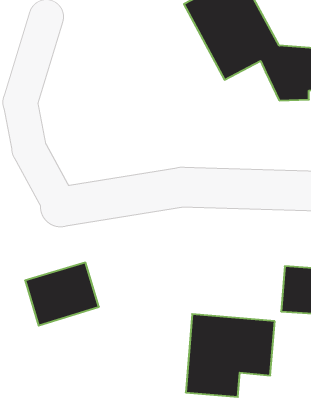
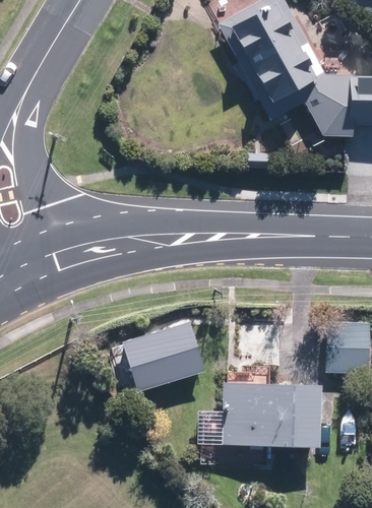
building: [25,263,99,326] -> [125,320,208,391]

